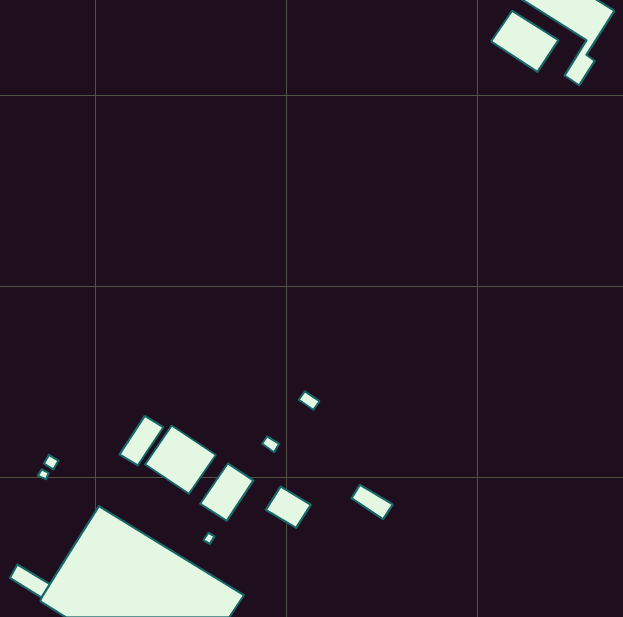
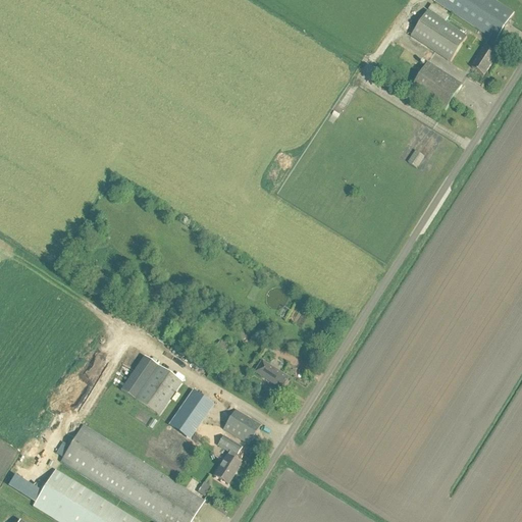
building: none -> [410,60,462,109]
building: [119,416,163,466] -> none
building: [351,485,393,519] -> [254,357,289,385]
building: none -> [214,432,242,481]

